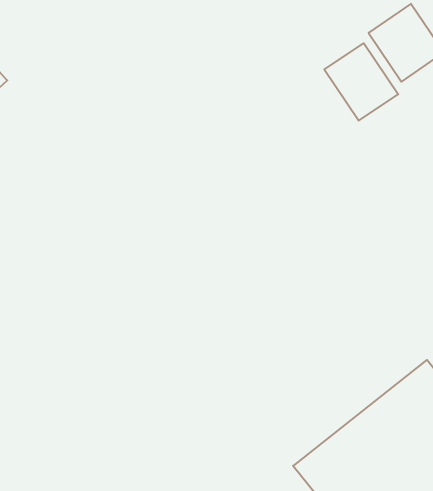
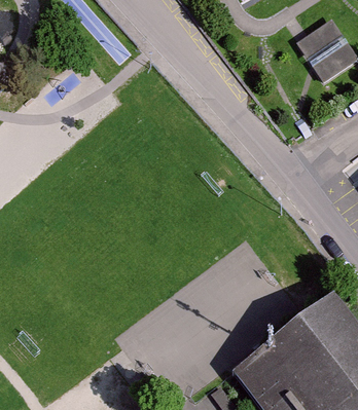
building: [324,43,398,121] -> none

